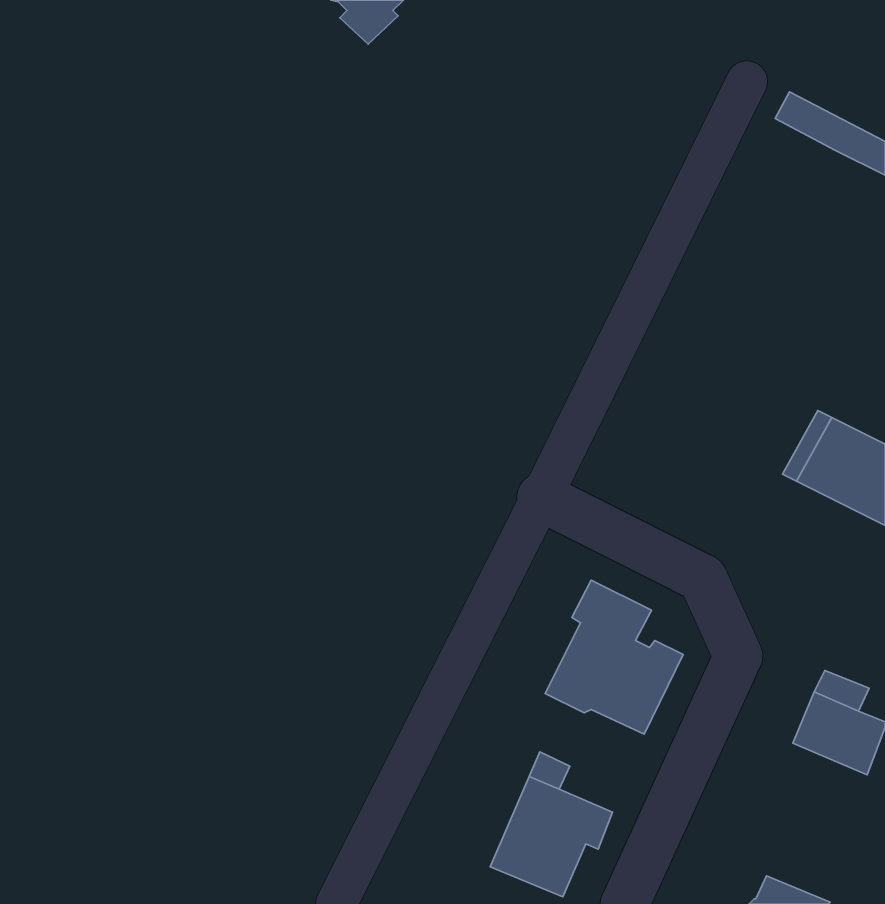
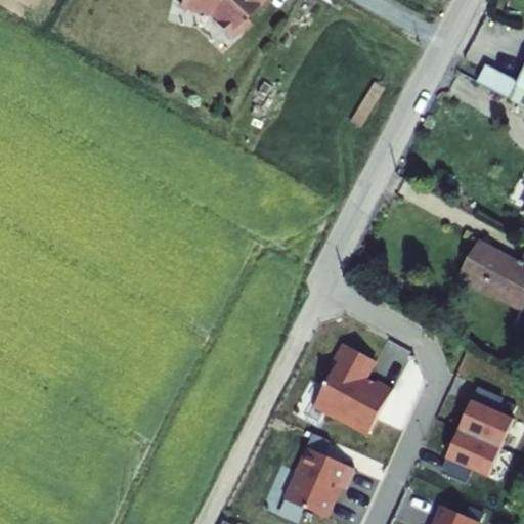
building: none -> [443,430,501,483]

